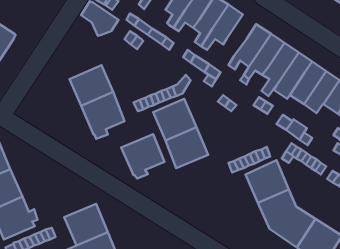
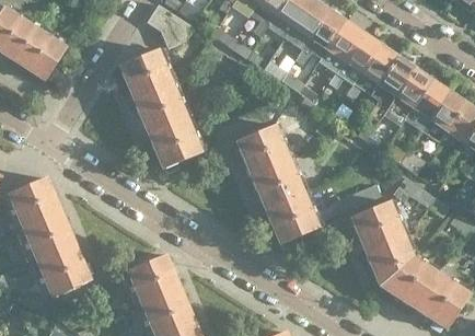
building: none -> [320,20,363,71]
building: none -> [119,46,173,100]
building: [121,134,165,179] -> [265,193,318,247]

